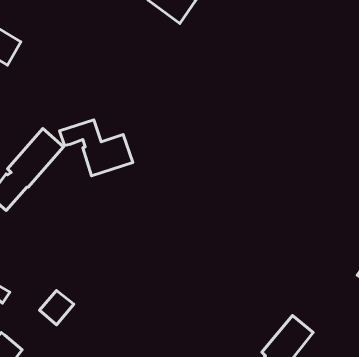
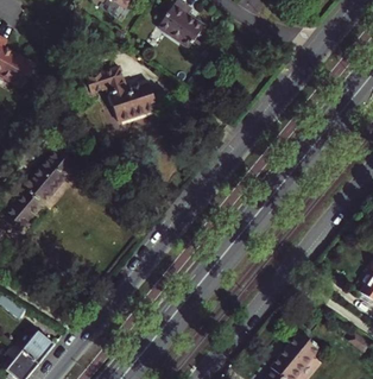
building: [60,120,133,176] -> [87,65,158,120]
building: [39,291,74,325] -> [20,329,53,362]

